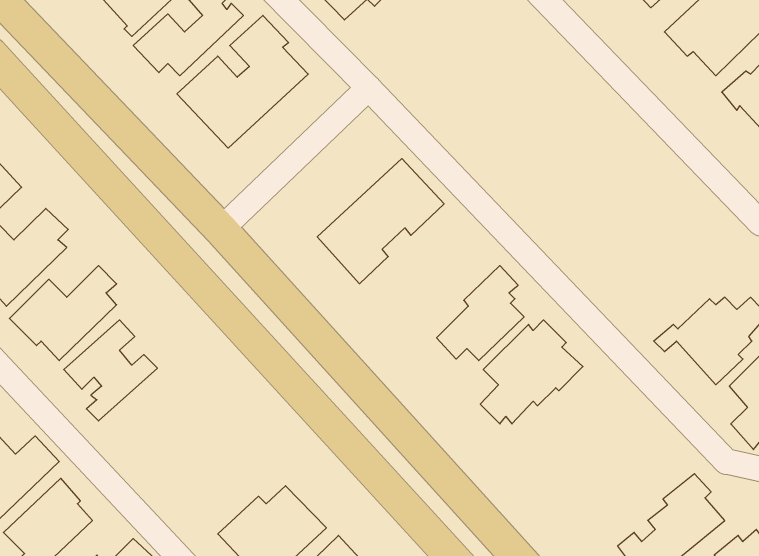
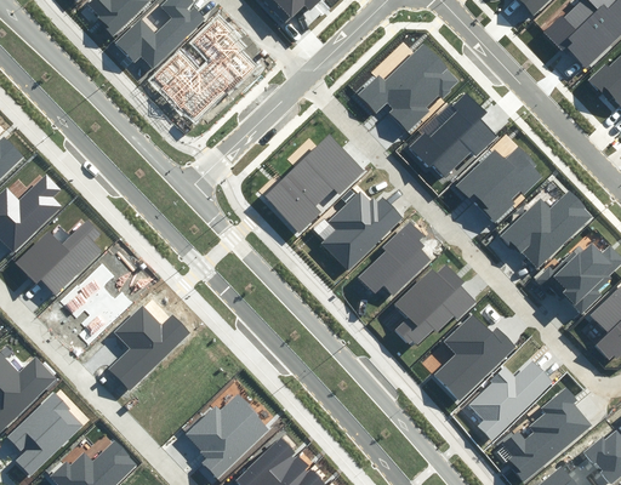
building: none -> [358,42,462,132]
building: none -> [409,92,497,179]
building: none -> [460,148,541,222]
building: none -> [323,190,404,270]
building: none -> [502,193,589,268]
building: none -> [108,304,187,389]
building: none -> [433,310,517,400]
building: none -> [467,360,552,441]

